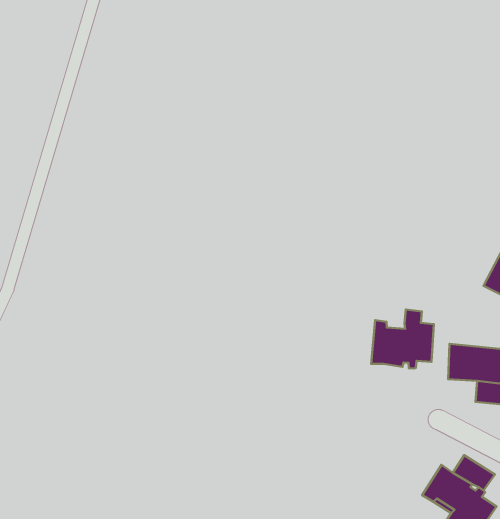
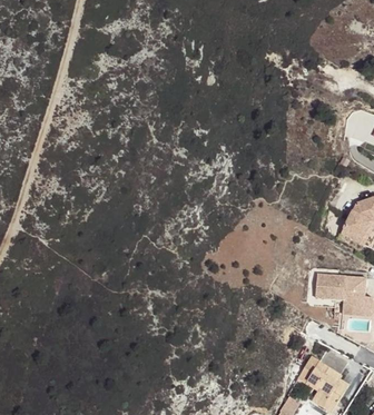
building: [371,309,434,368] -> none

